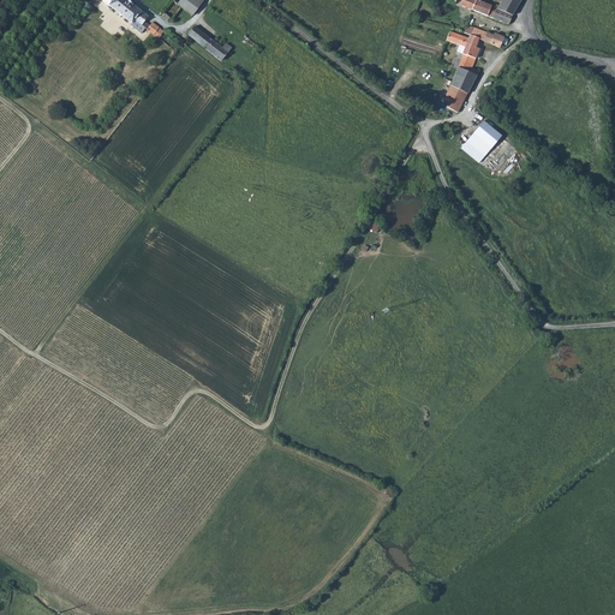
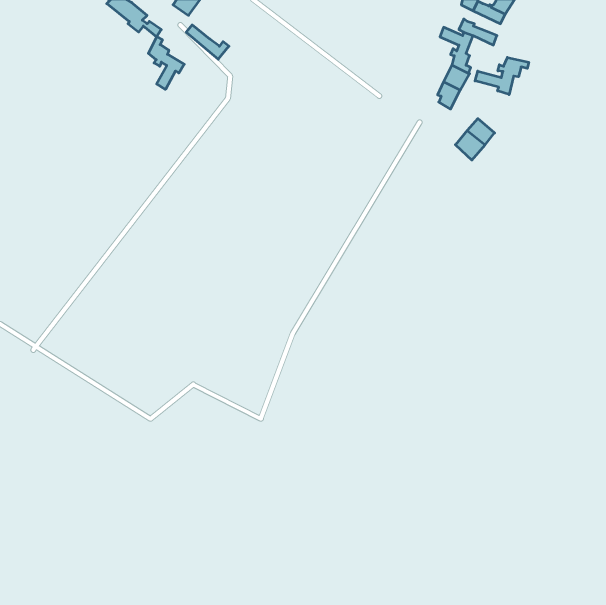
building: none -> [148,36,184,89]
building: none -> [475,57,529,95]

